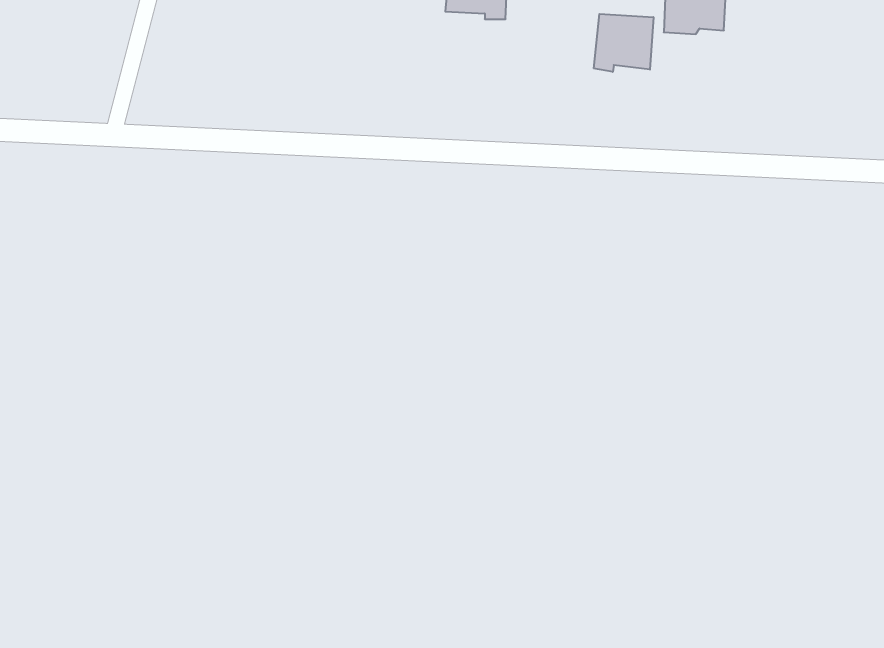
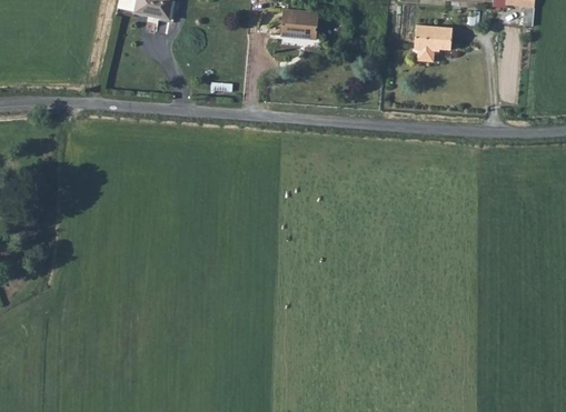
building: [594,14,653,72] -> none

